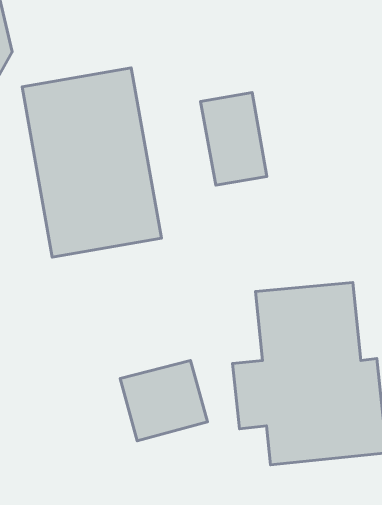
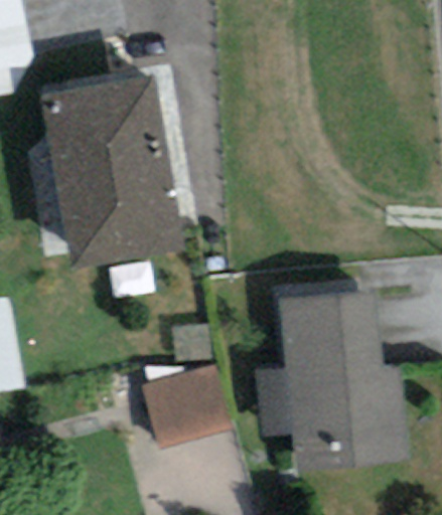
building: [200,93,267,185] -> none

